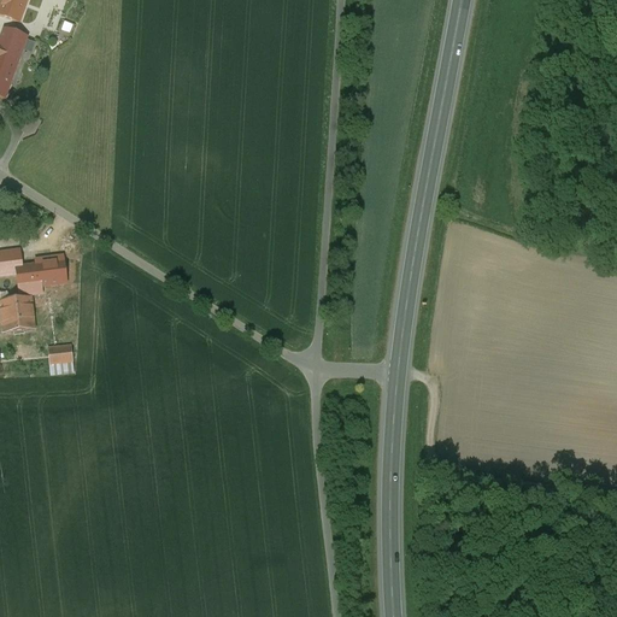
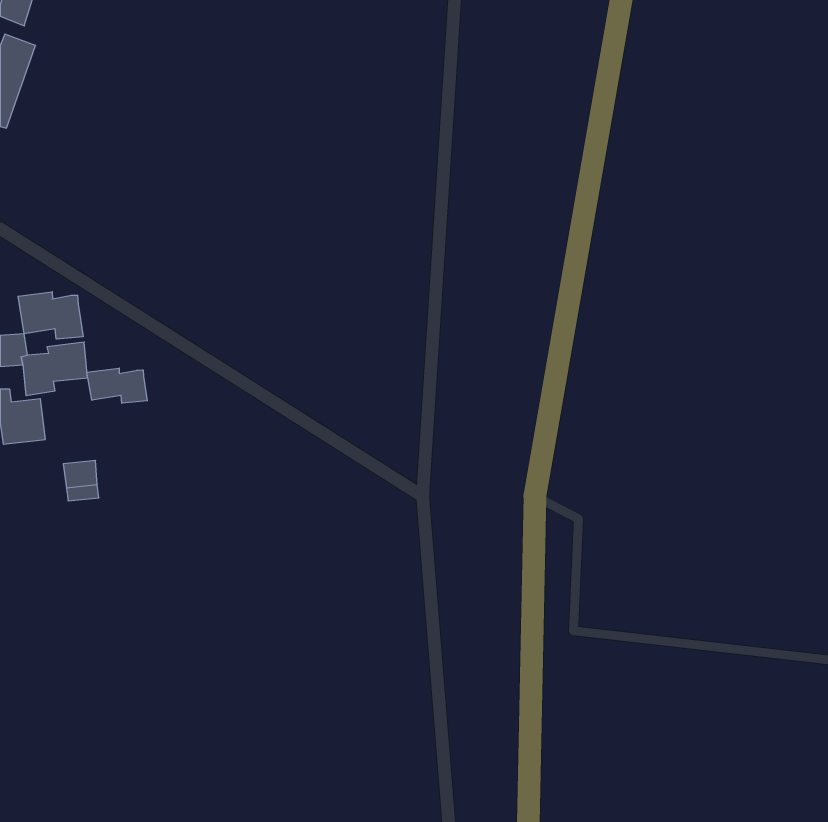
building: none -> [18,292,83,339]
building: none -> [87,368,147,403]

